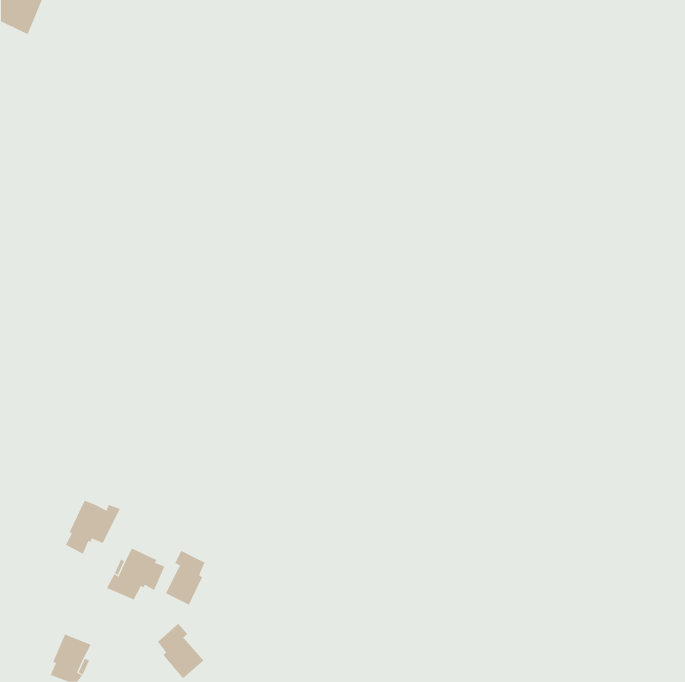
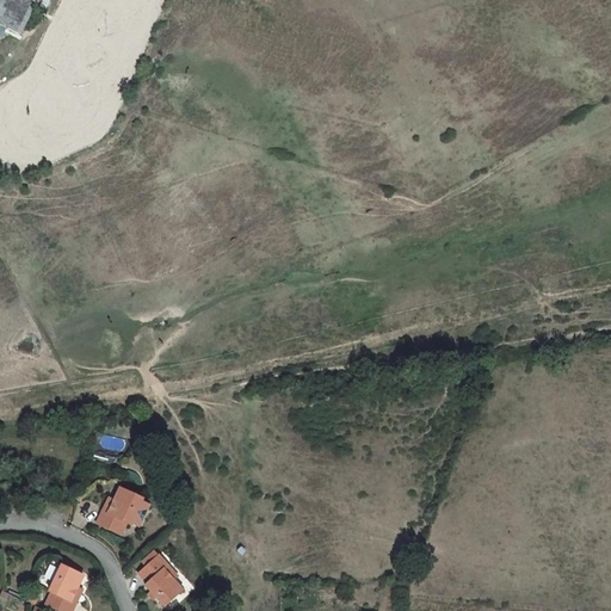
building: [65,500,121,555] -> none
building: [165,550,205,606] -> none

